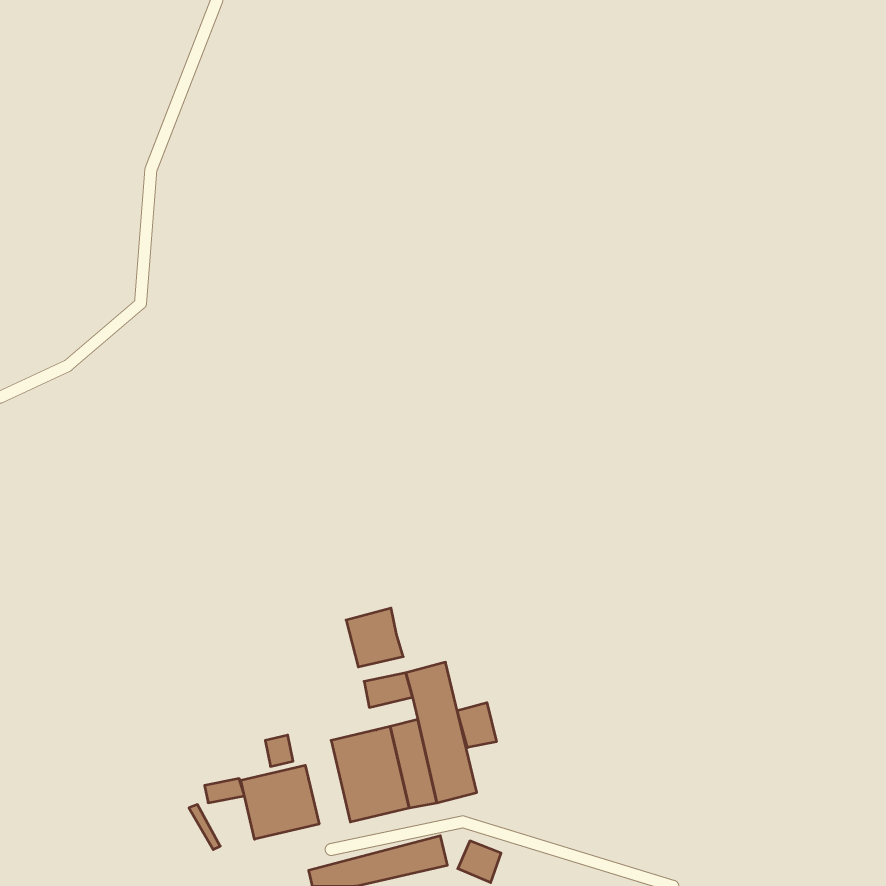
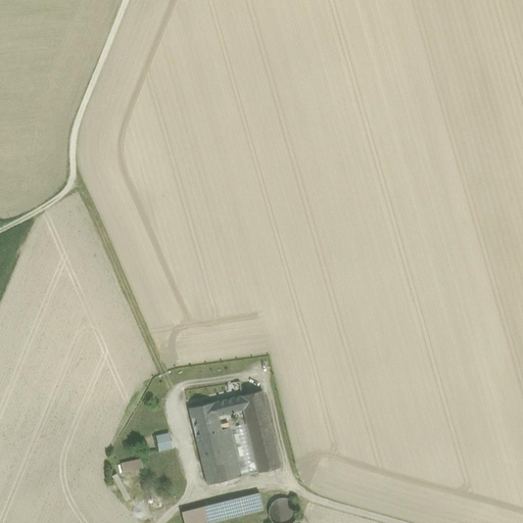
building: [346,608,403,667] -> [188,401,222,436]
building: [457,703,496,748] -> none
building: [241,765,319,839] -> none

